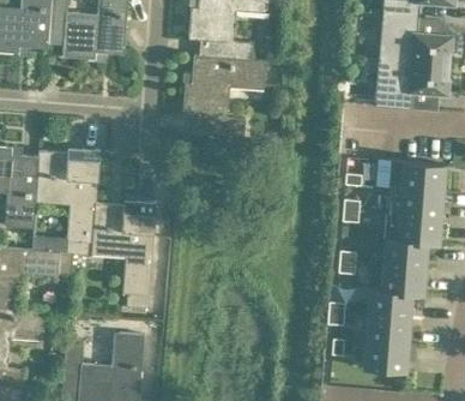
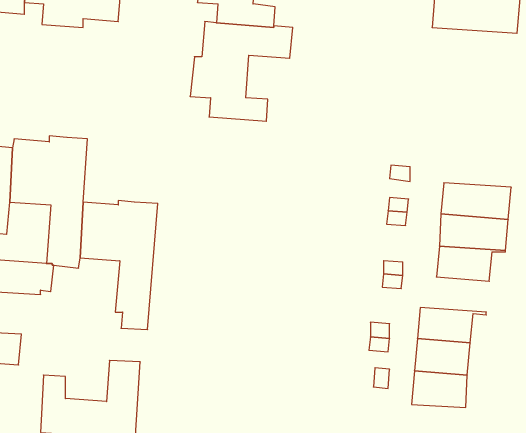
building: [378,59,451,107] -> none
building: [391,158,447,190] -> none
building: [372,263,428,292] -> none

